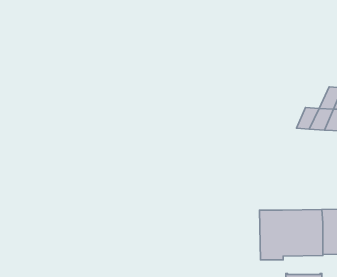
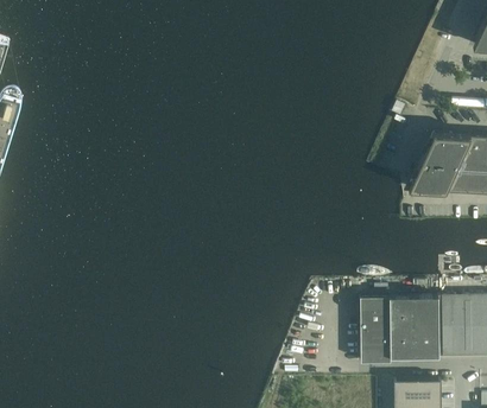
building: none -> [420,134,451,164]

